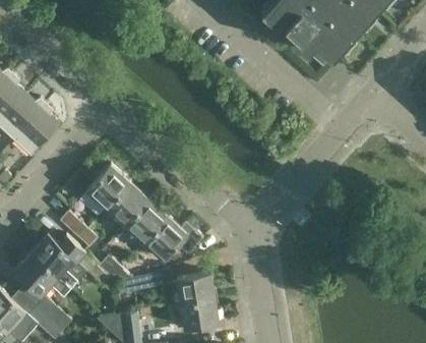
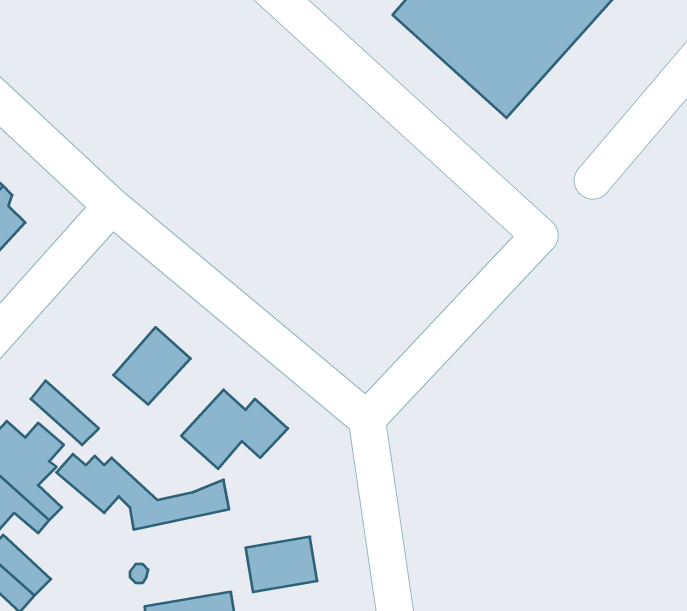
building: [87,165,130,209] -> none
building: [126,199,168,242] -> none
building: [176,274,216,304] -> none

